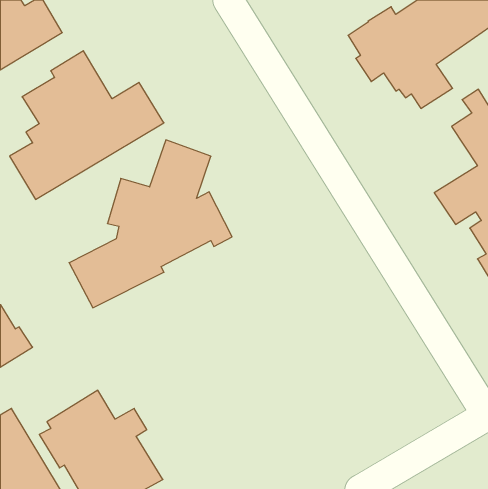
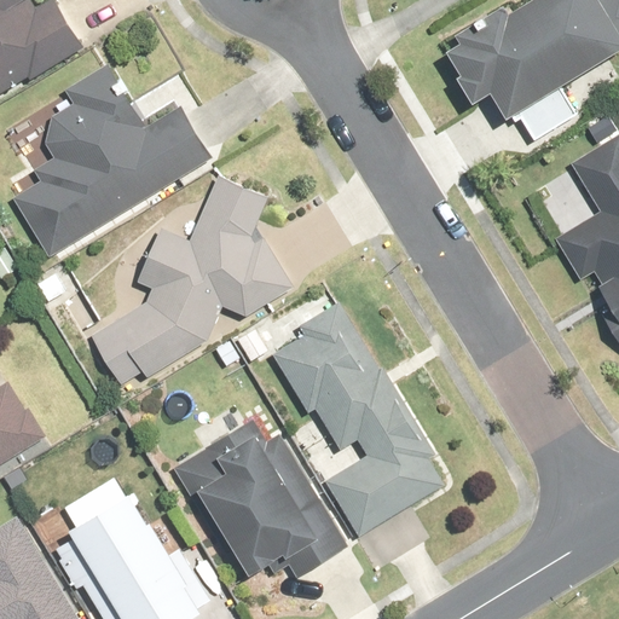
building: none -> [273,302,441,532]
building: none -> [175,420,348,573]

